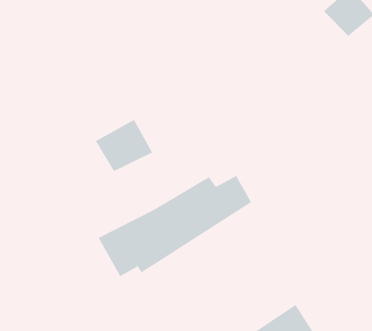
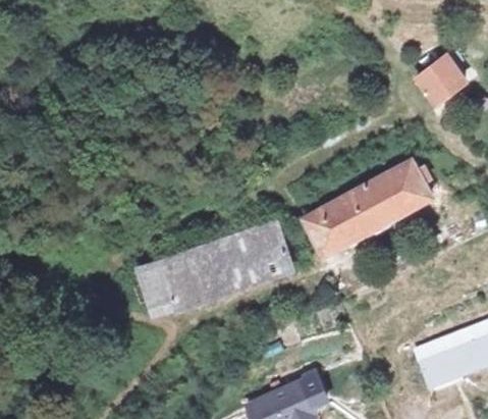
building: none -> [302,166,421,259]
building: [95,119,153,172] -> none

